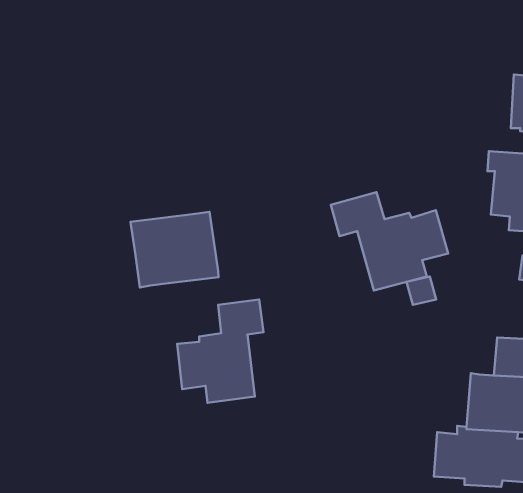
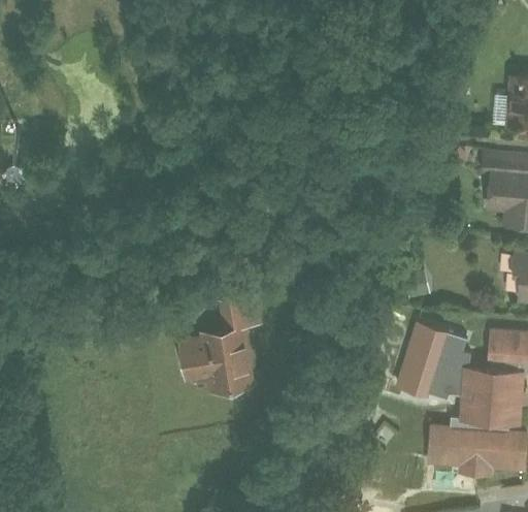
building: [331,192,448,290] -> none
building: [131,212,218,287] -> none
building: none -> [399,323,474,399]

